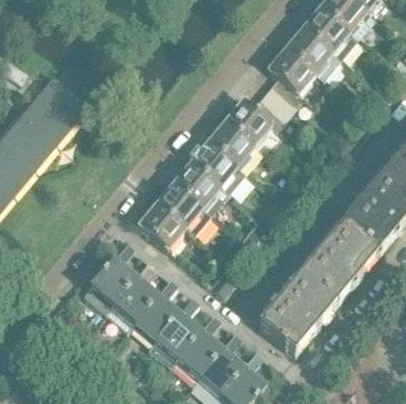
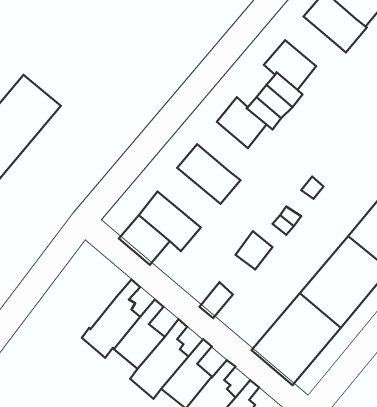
building: [286,26,340,78] -> none
building: [207,120,253,163] -> none
building: [172,161,228,214] -> none
building: [84,243,136,312] -> none

